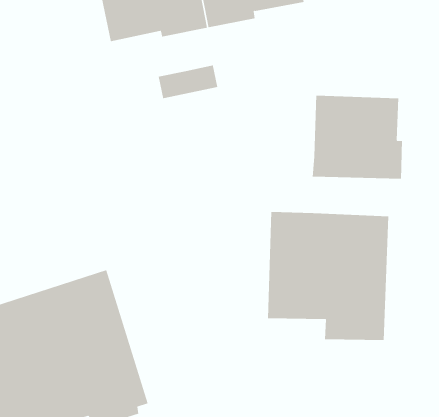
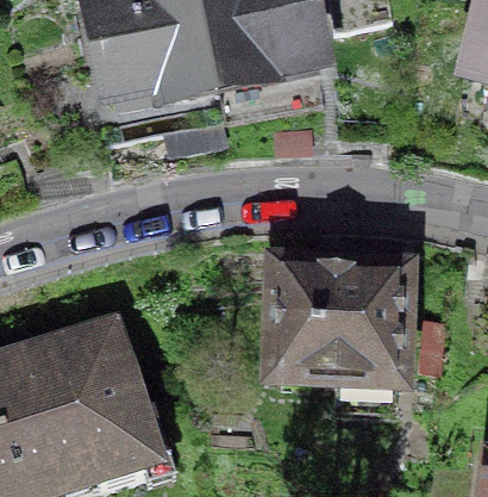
building: [312,95,403,179] -> none

